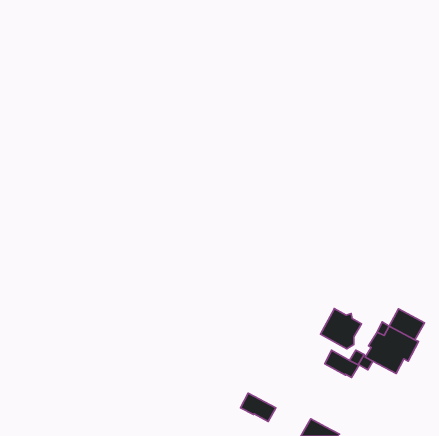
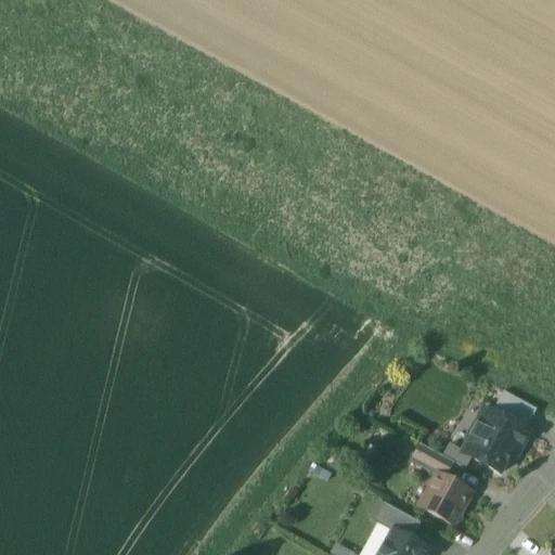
building: [320,308,362,349] -> [418,473,470,524]
building: [241,393,276,421] -> [375,503,420,539]

